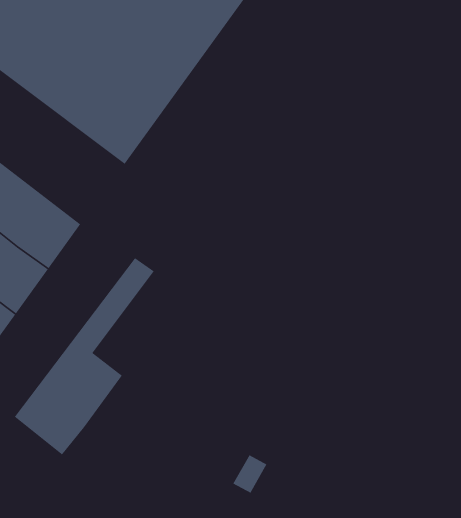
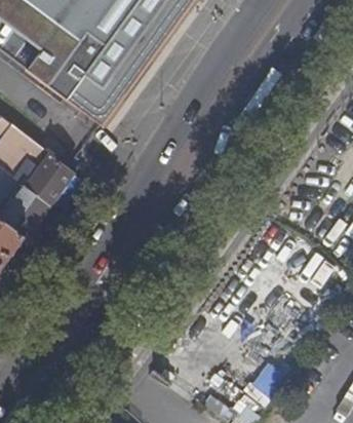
building: [14,257,155,456] -> none

